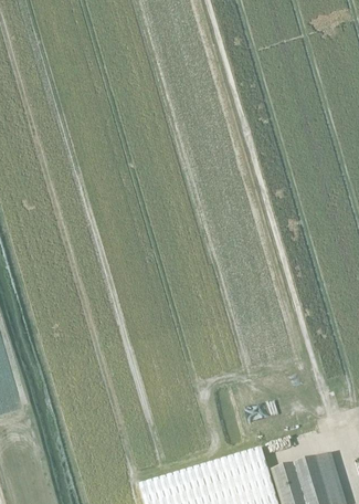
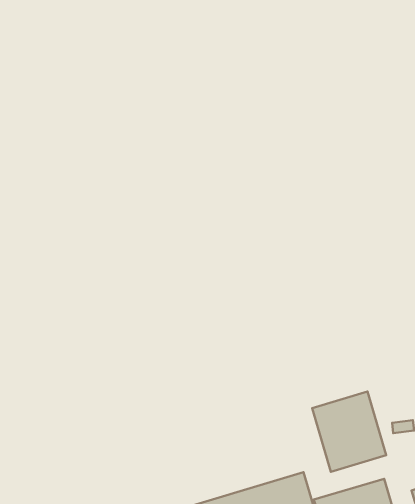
building: none -> [312,391,386,472]

